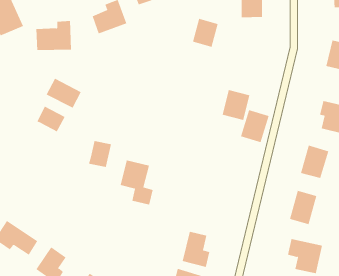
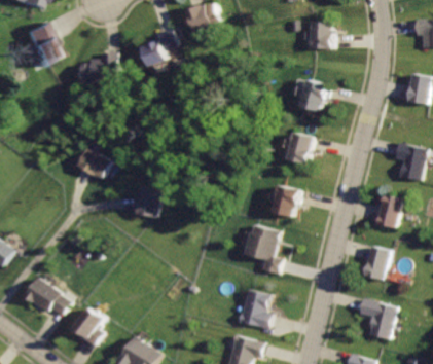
building: [192,18,218,47] -> [297,79,327,112]
building: [46,78,82,109] -> none
building: [240,109,269,143] -> [270,183,303,221]
building: [120,160,153,205] -> [243,225,281,277]

